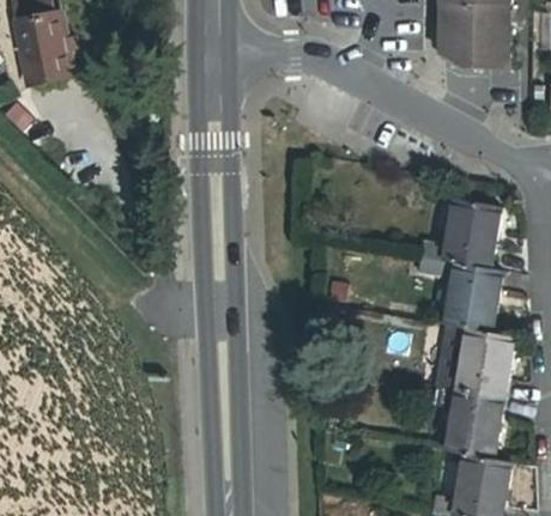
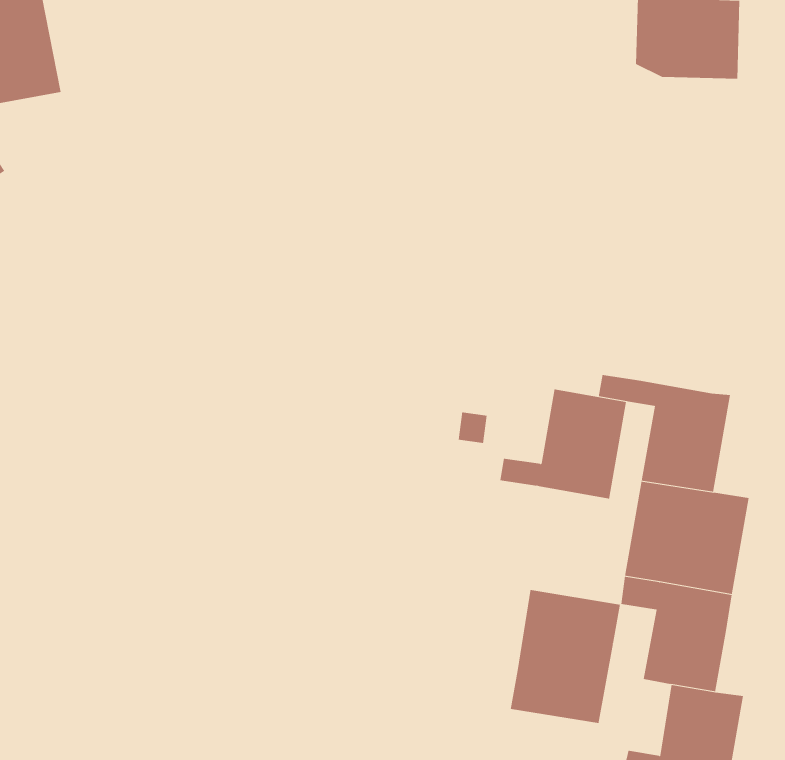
building: [419,198,501,268] -> [500,389,627,499]
building: none -> [510,589,620,724]

